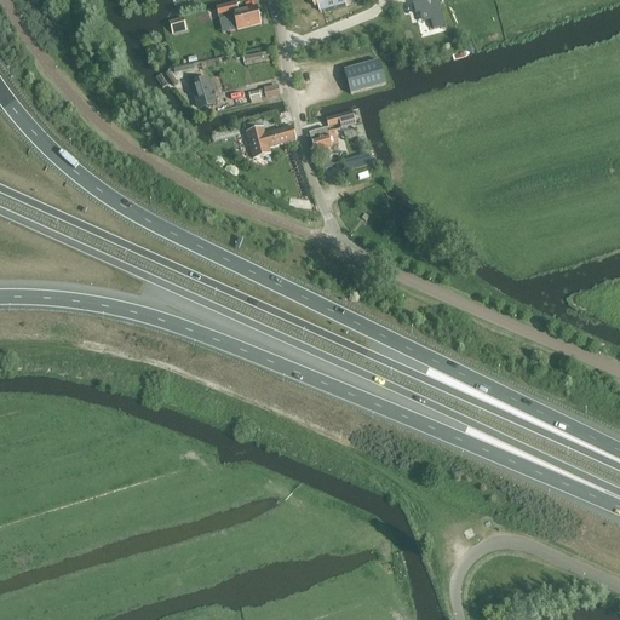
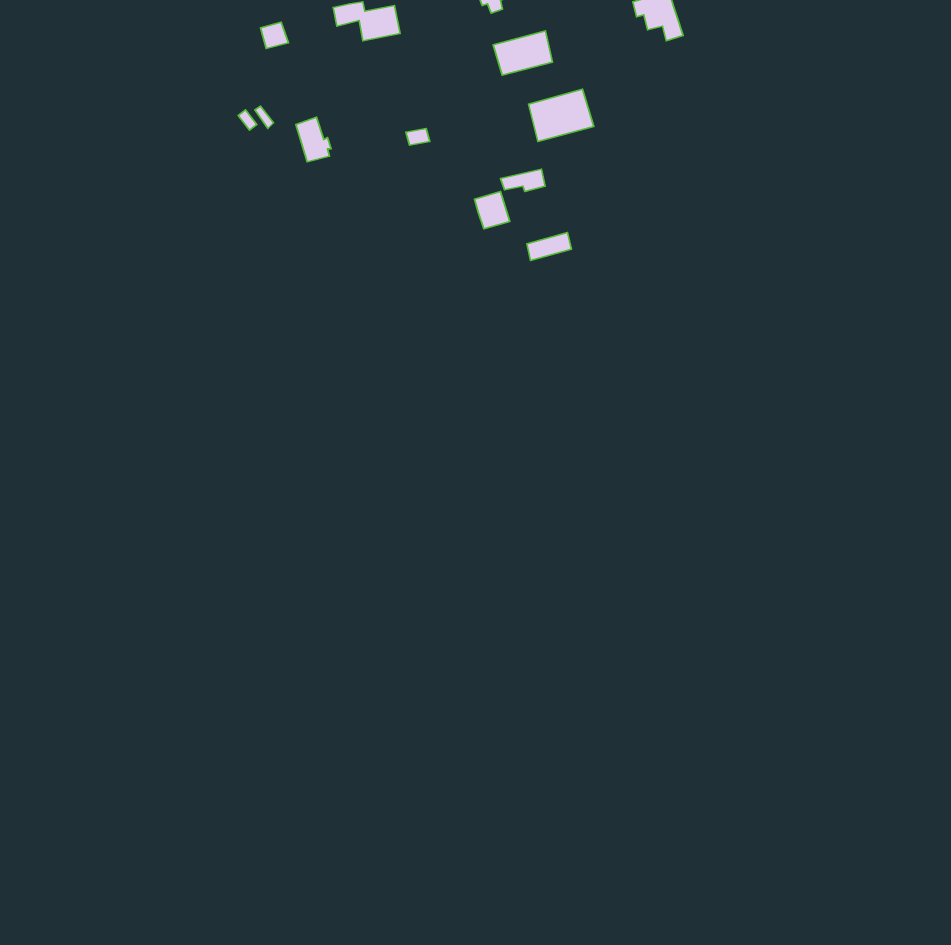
building: none -> [493,31,553,75]
building: [246,124,295,159] -> none

